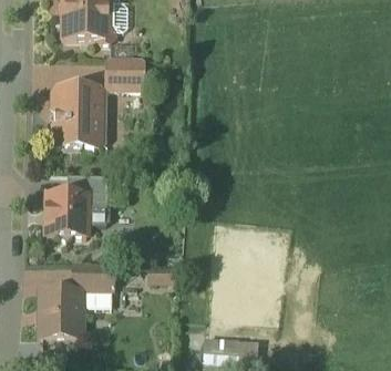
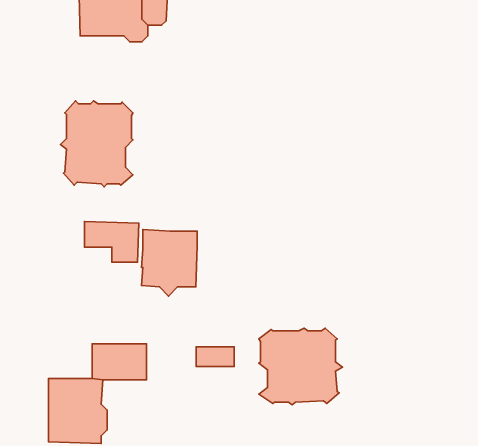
building: [105,59,142,87] -> none
building: [45,190,86,239] -> [141,230,197,296]
building: none -> [259,328,343,405]

